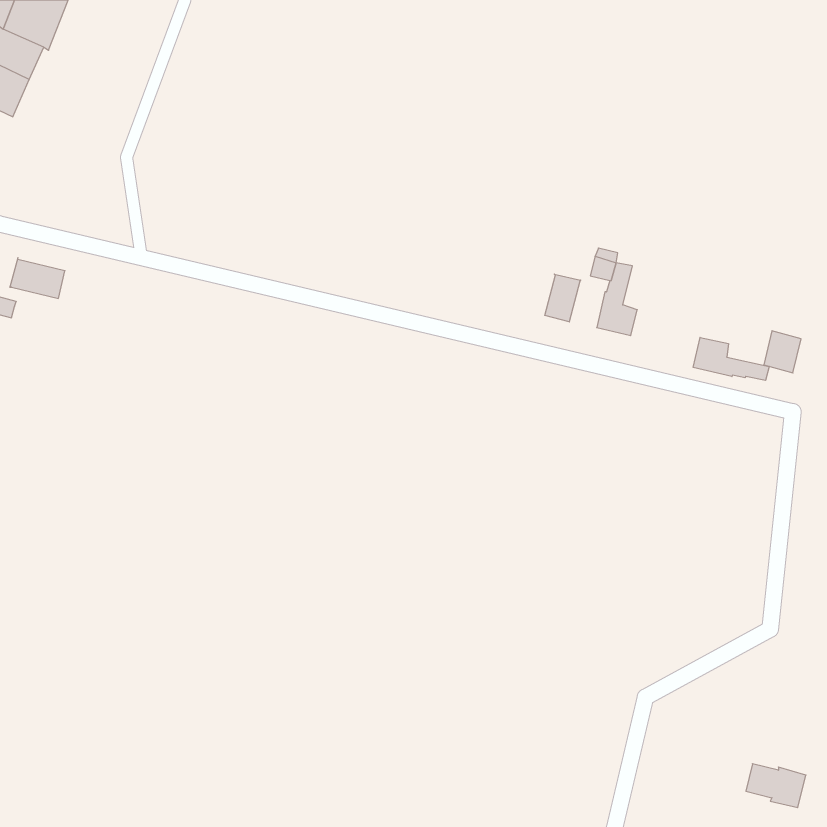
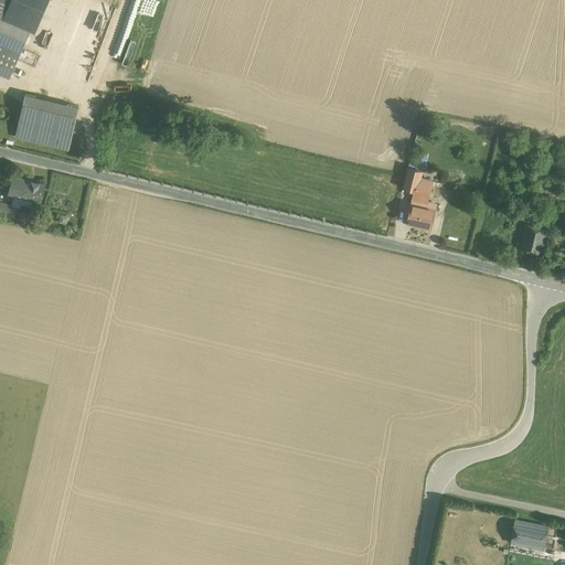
building: none -> [15,95,82,150]
building: [545,274,581,322] -> none
building: [693,337,769,380] -> none

